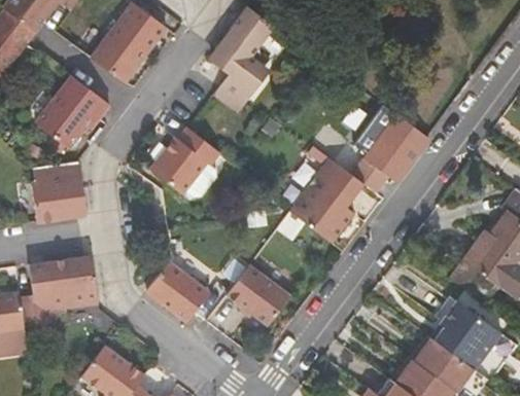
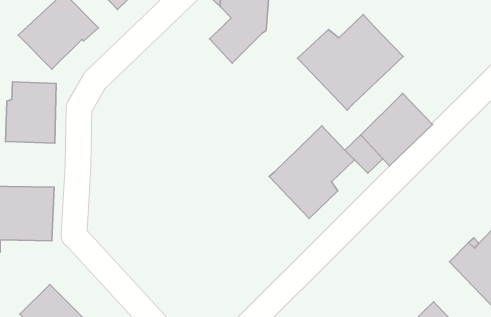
building: none -> [298,15,403,110]
building: [147,130,217,200] -> none
building: [227,256,291,325] -> none
building: [146,261,209,321] -> none

